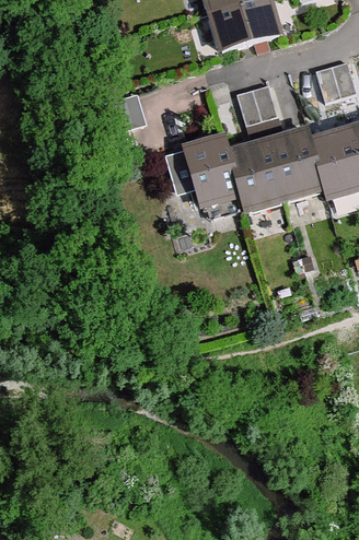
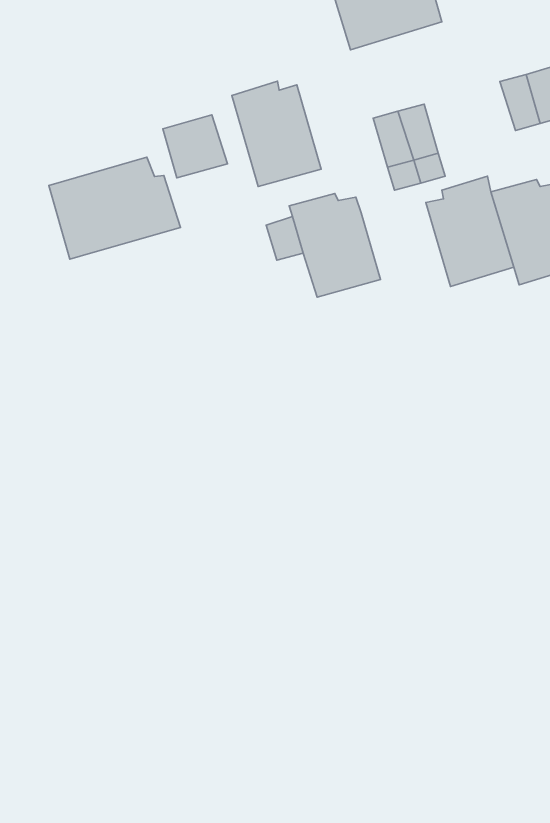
building: none -> [49,157,180,259]
building: [228,142,283,208] -> [232,81,321,187]

